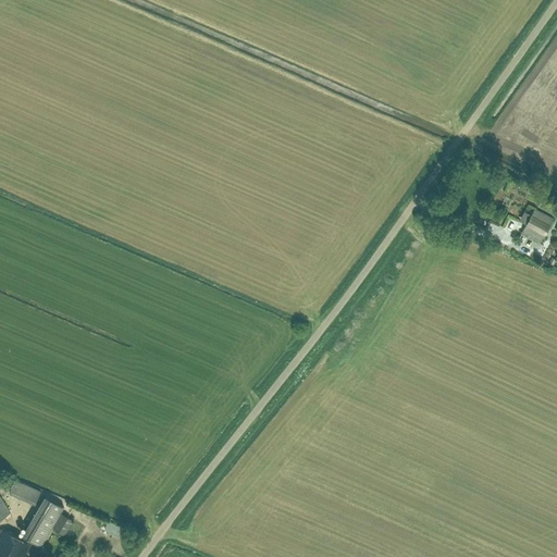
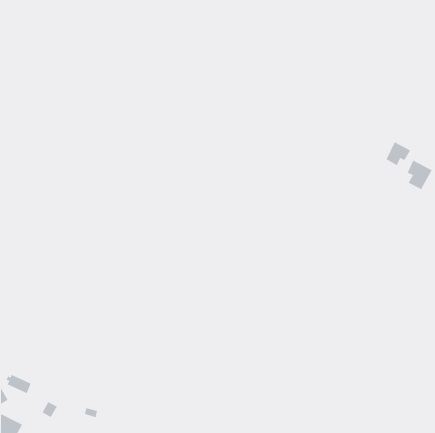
building: none -> [386,142,411,166]
building: [21,497,63,547] -> none

